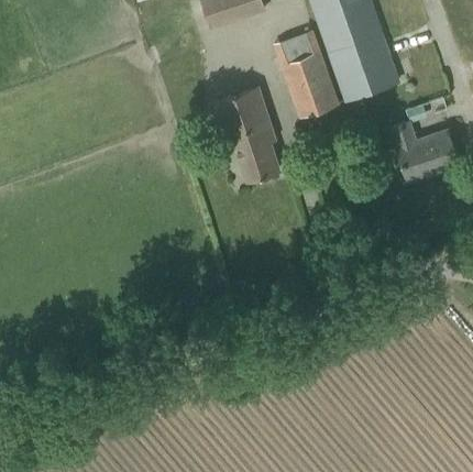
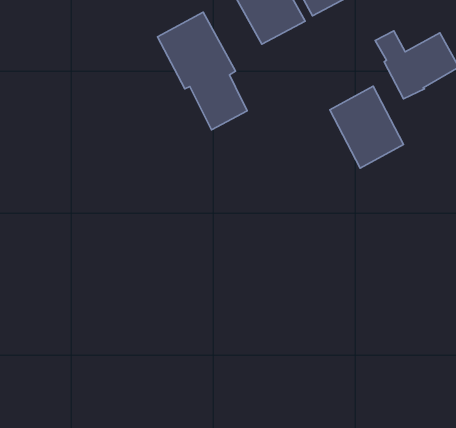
building: none -> [330,86,404,168]

